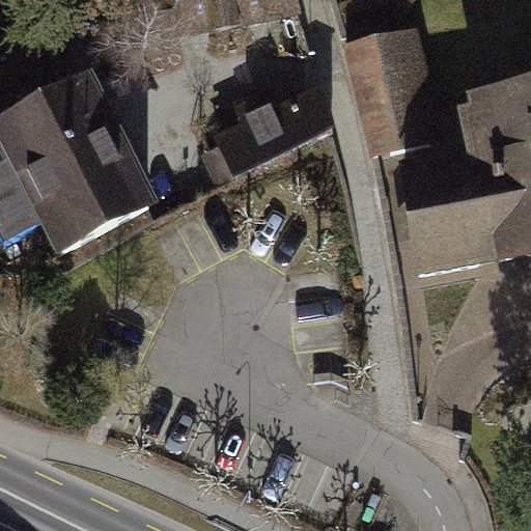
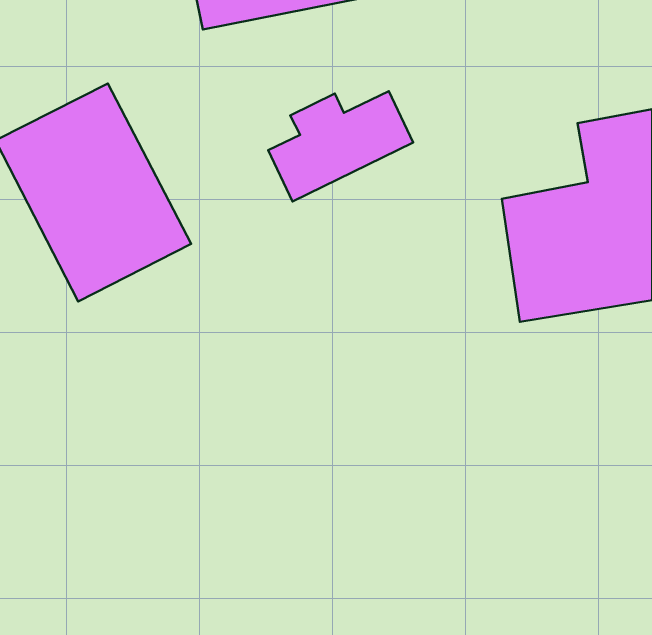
building: [360,28,438,140] -> none

